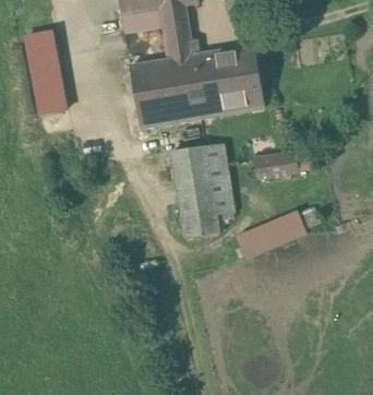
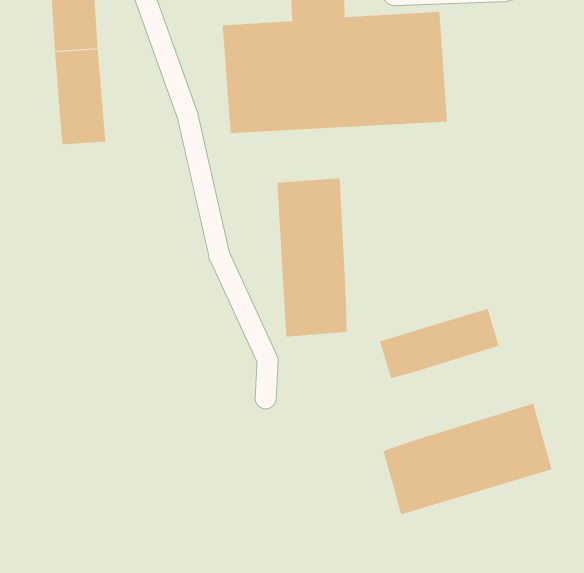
building: [206,143,234,215] -> none
building: [264,147,305,172] -> none
building: none -> [383,403,552,515]

